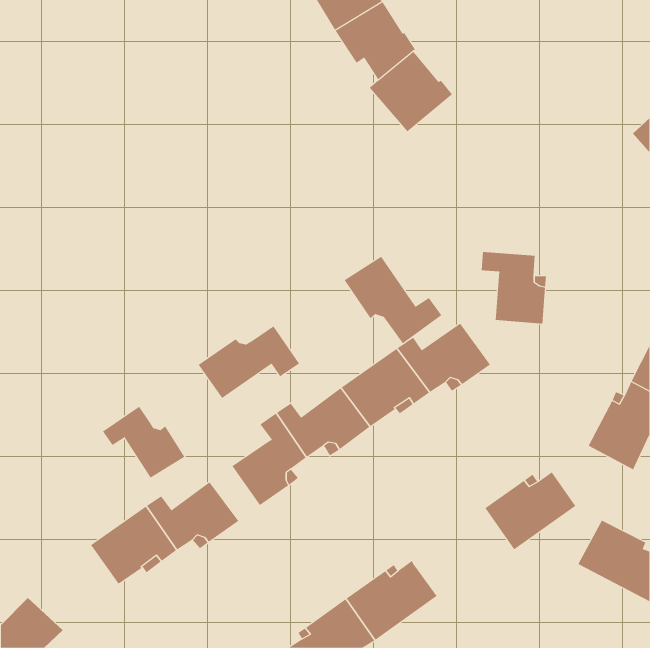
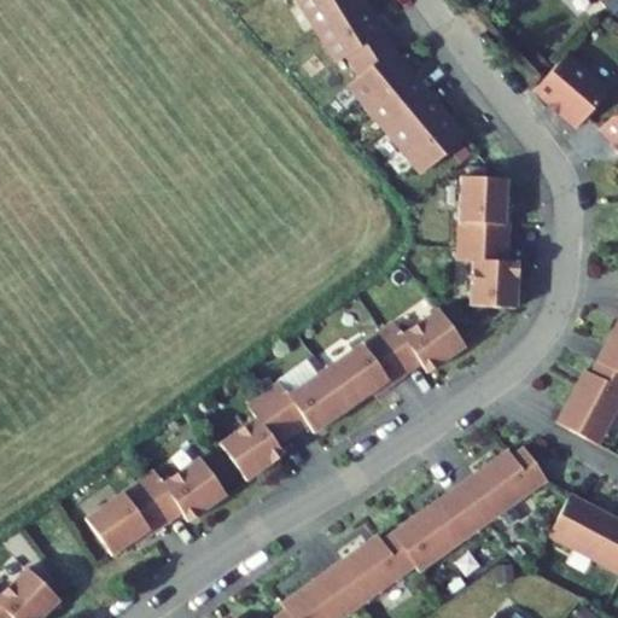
building: none -> [534,51,608,128]
building: none -> [386,89,465,170]
building: none -> [457,175,511,243]
building: [344,256,442,344] -> none
building: [198,326,300,399] -> none
building: [102,406,185,479] -> none
building: none -> [392,483,488,572]

